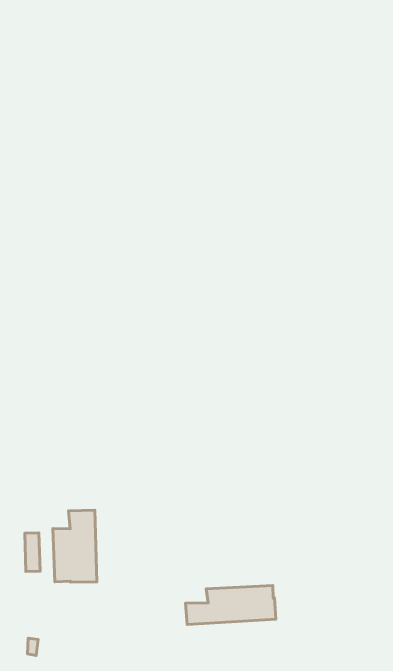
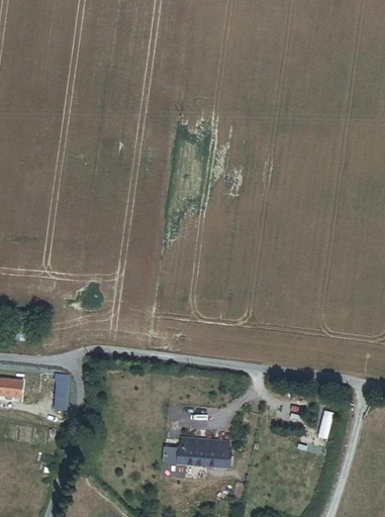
building: [53,510,97,582] -> none

